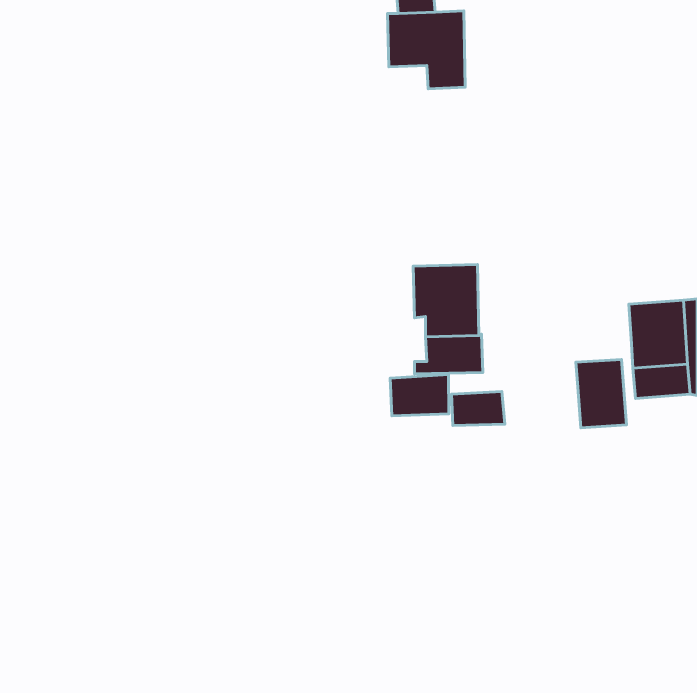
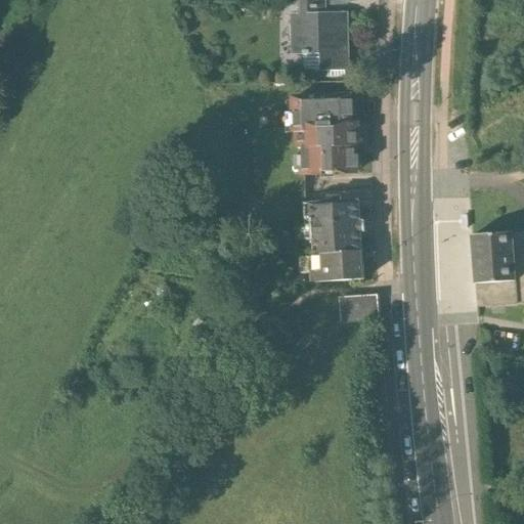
building: none -> [293,98,362,179]
building: [576,359,626,428] -> none
building: [390,374,449,416] -> none

